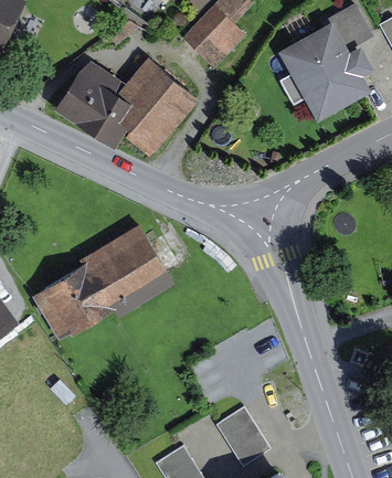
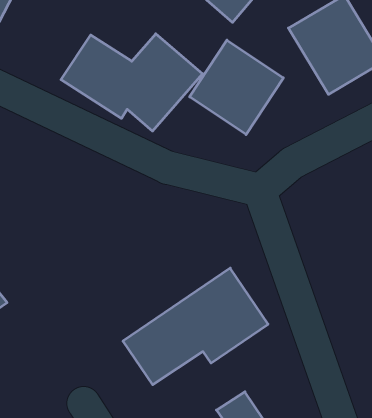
building: none -> [190,40,283,135]
building: [32,222,172,334] -> [123,268,268,385]

